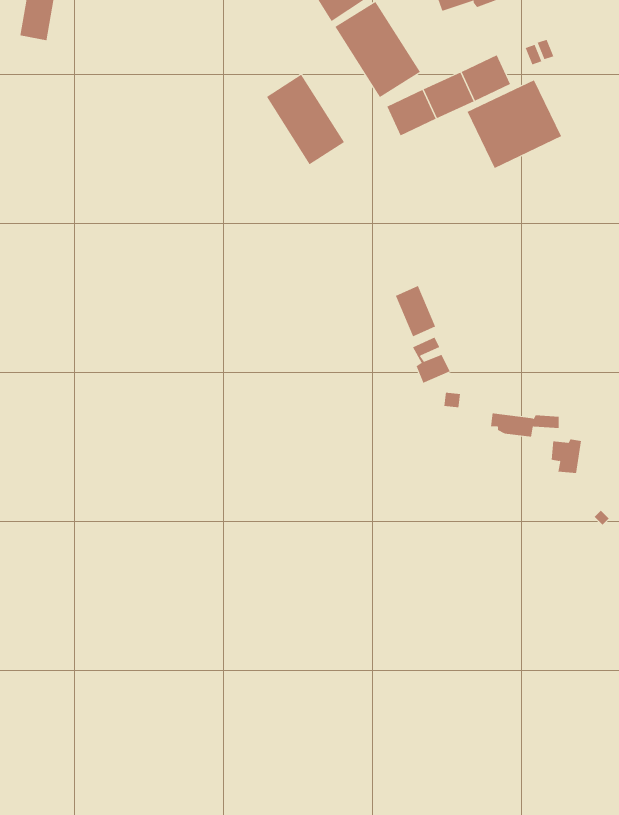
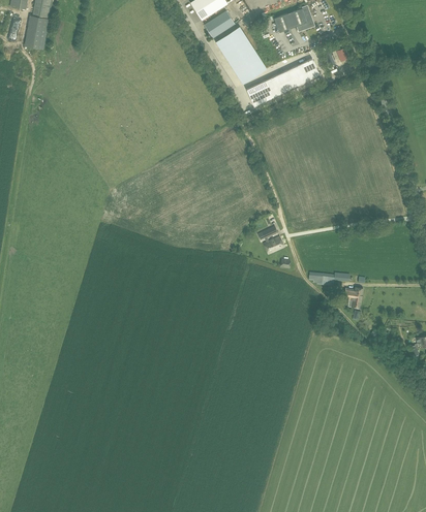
building: [266,74,345,165] -> none
building: [467,79,562,169] -> none
building: [395,285,436,337] -> none

